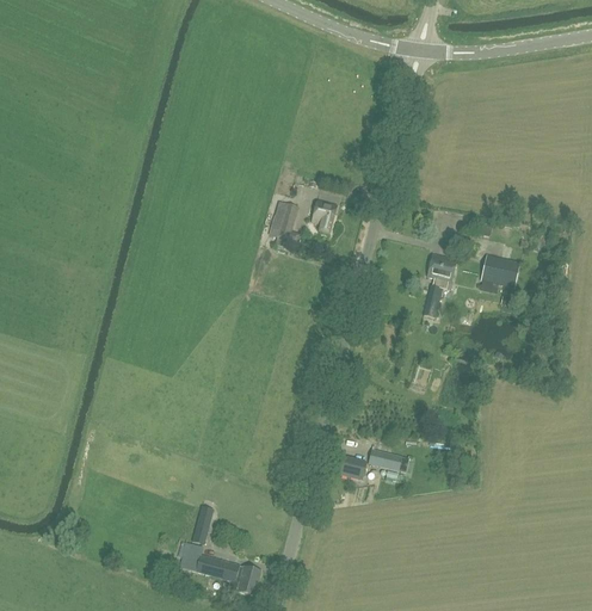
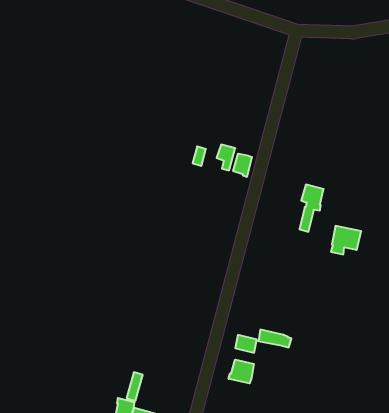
building: none -> [233,154,252,177]
building: [479,254,519,292] -> [331,226,361,254]
building: none -> [229,360,254,383]

